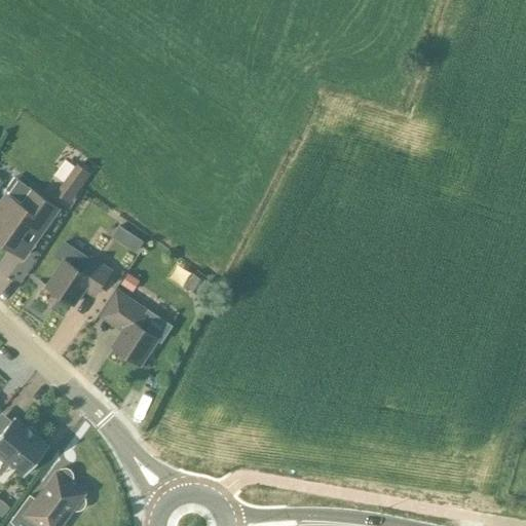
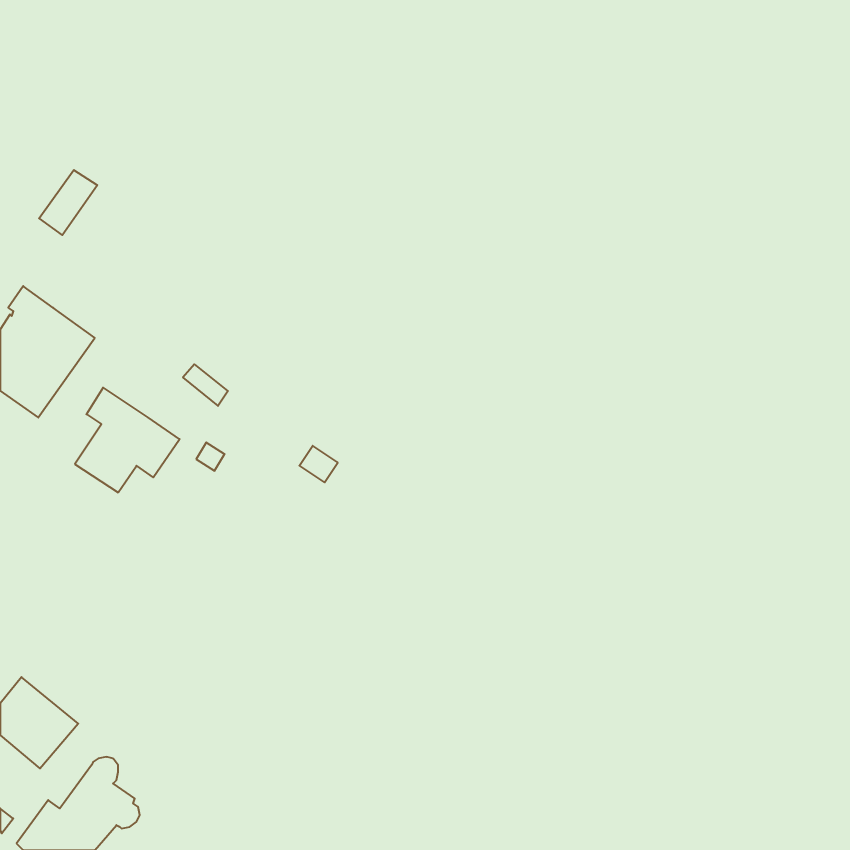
building: [55,163,91,203] -> [39,170,97,235]
building: [111,298,157,365] -> none

